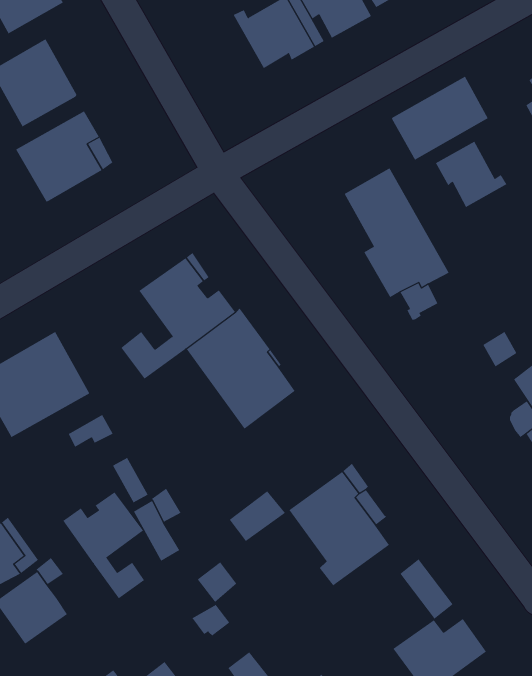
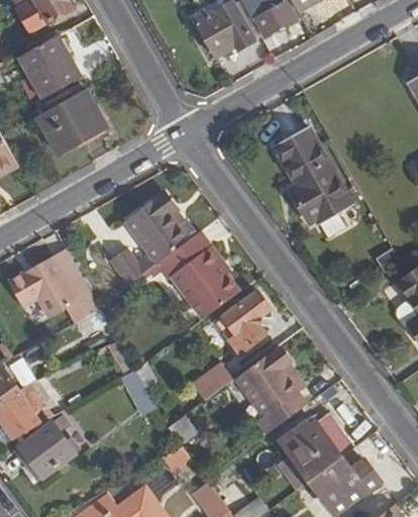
building: [392,76,489,160] -> none
building: [435,141,507,208] -> none
building: none -> [223,292,268,347]
building: [63,492,145,599] -> none
building: none -> [281,422,340,480]

